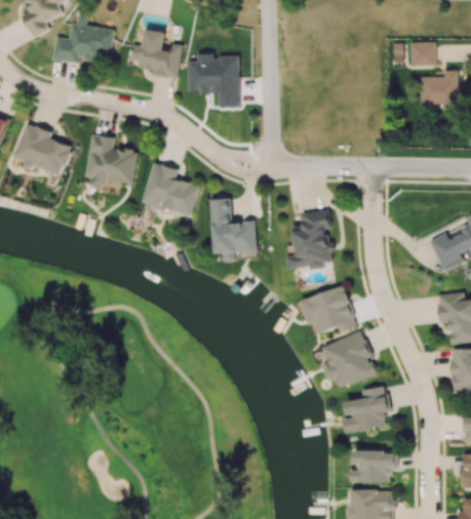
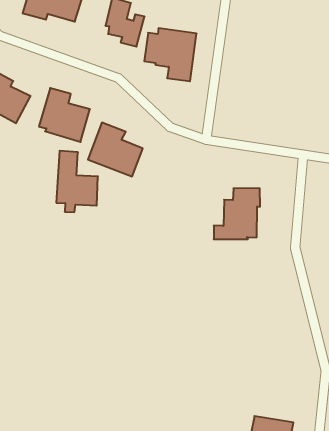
building: [209,198,257,263] -> [56,151,98,212]
building: [300,286,355,335] -> none
building: [322,330,377,389] -> none
building: [343,386,389,433] -> none

